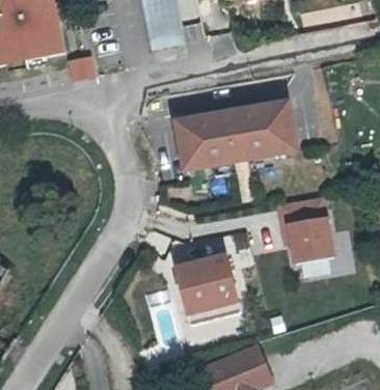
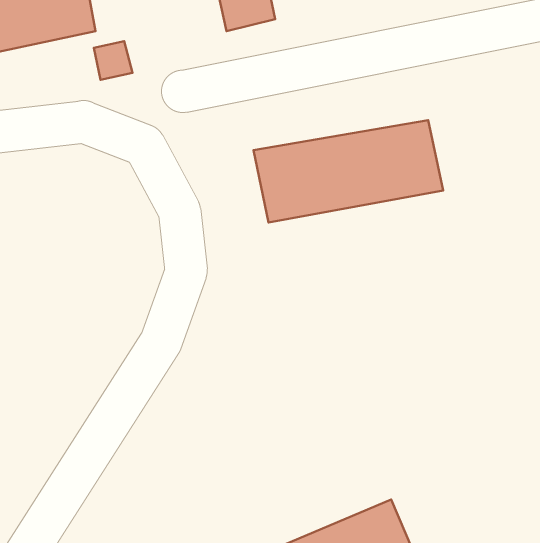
building: [281,196,335,261] -> none
building: [169,253,232,311] -> none

